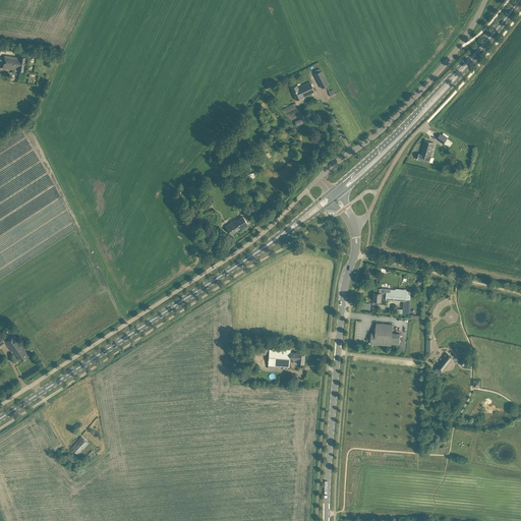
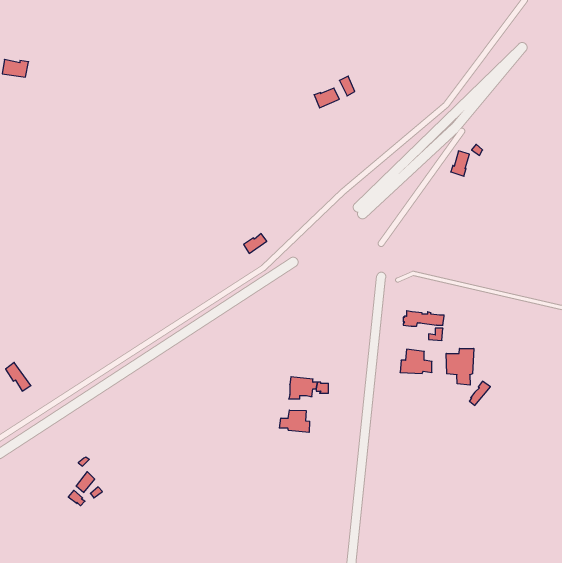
building: none -> [446,348,474,385]
building: none -> [279,410,310,432]

